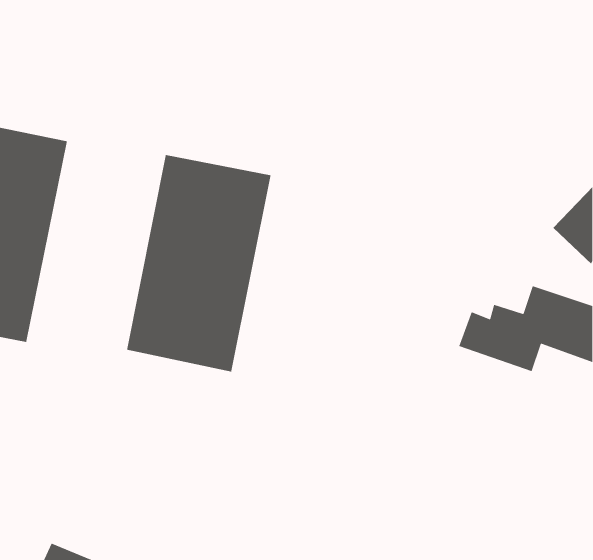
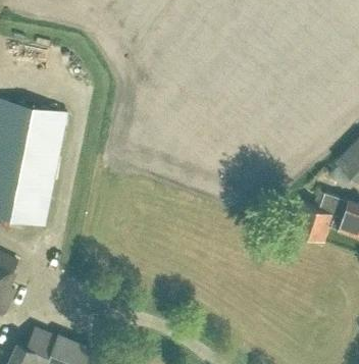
building: [126,154,271,372] -> none

